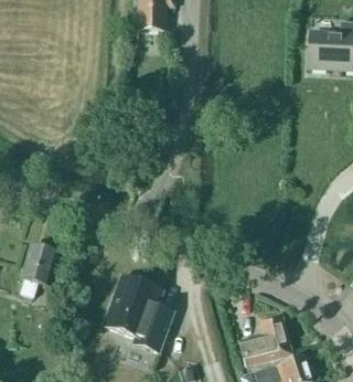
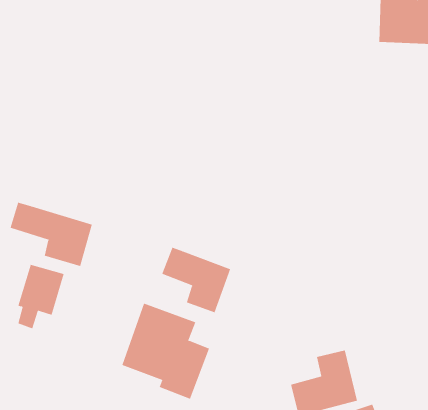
building: none -> [10,202,93,267]
building: none -> [162,247,231,313]

